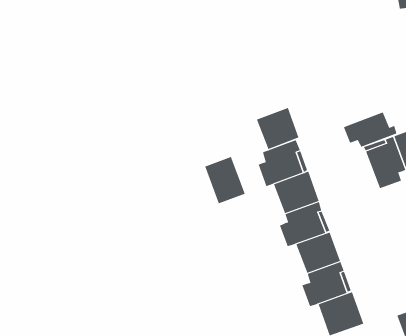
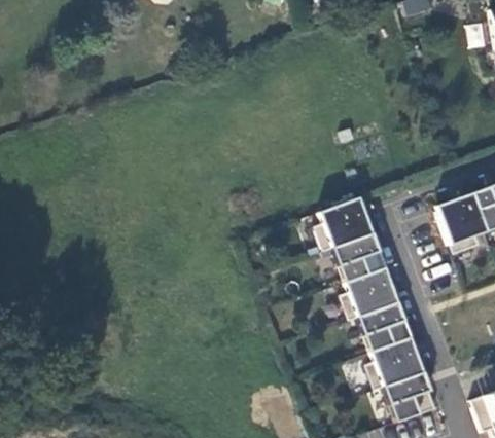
building: [256,107,299,150] -> none
building: [343,109,397,148] -> none
building: [204,156,245,204] -> none

